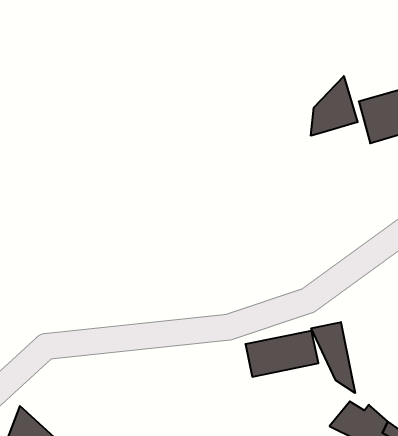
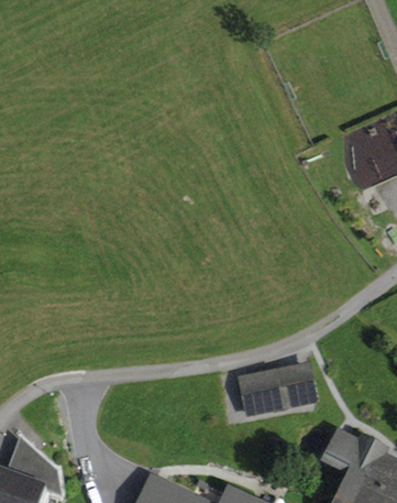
building: [311,76,358,136] -> none
building: [311,322,355,393] -> none

